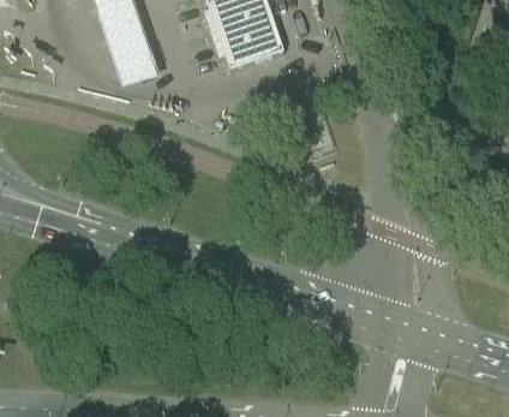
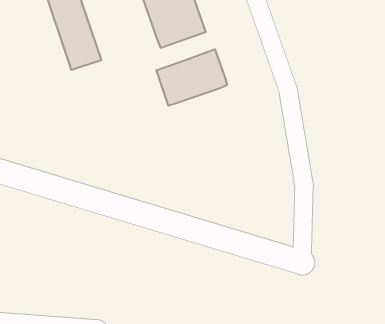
building: none -> [156,49,227,106]

